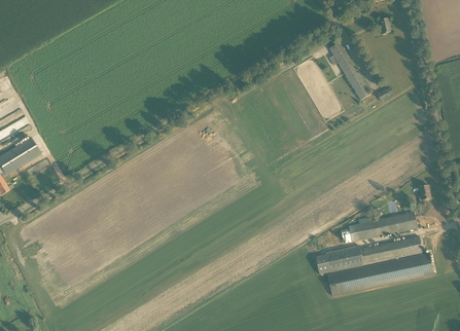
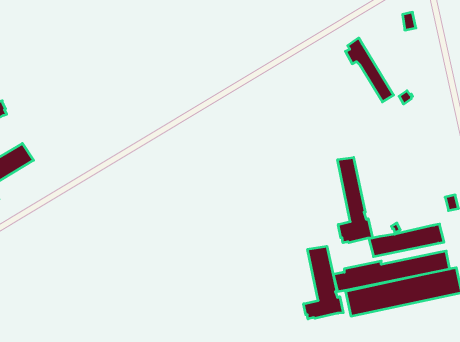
building: none -> [338,157,372,243]
building: none -> [304,246,343,319]

